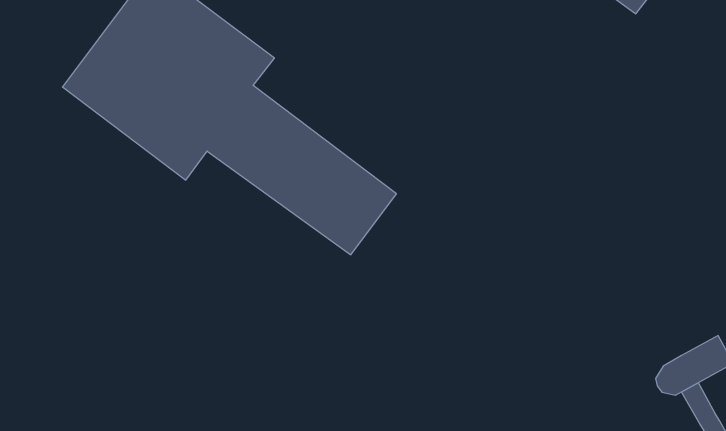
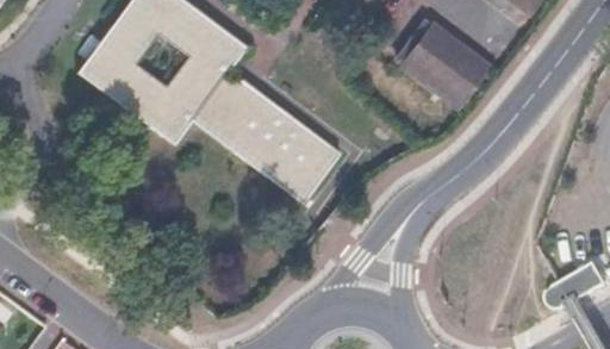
building: none -> [402,23,488,107]

